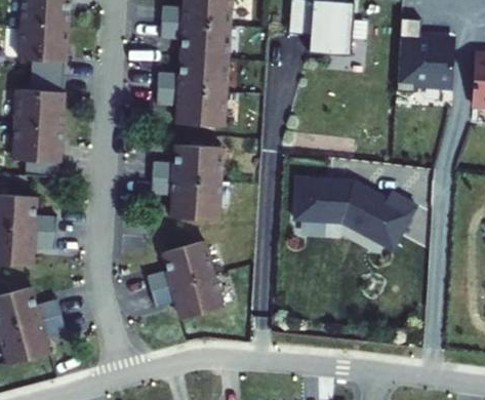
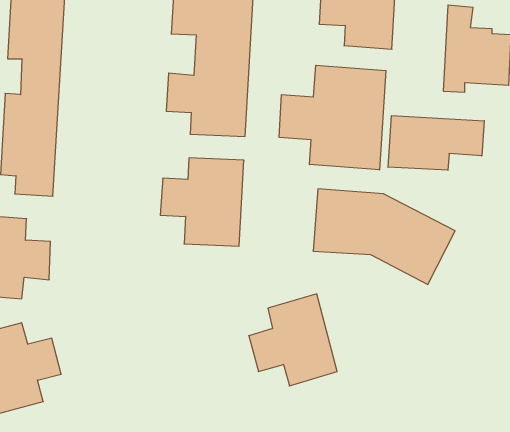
building: none -> [279,65,386,170]
building: none -> [388,116,484,170]
building: [148,242,224,321] -> [249,294,337,386]

